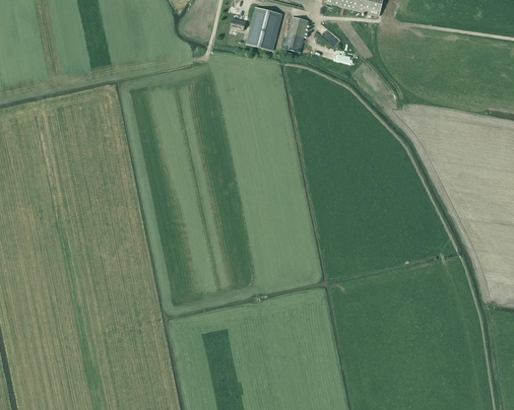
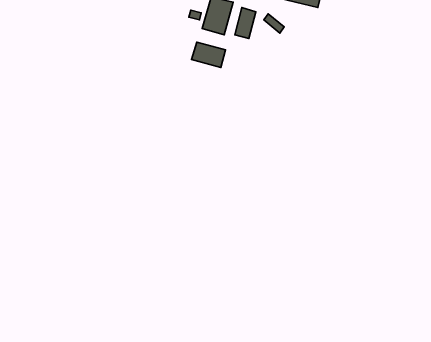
building: none -> [191,42,225,68]

